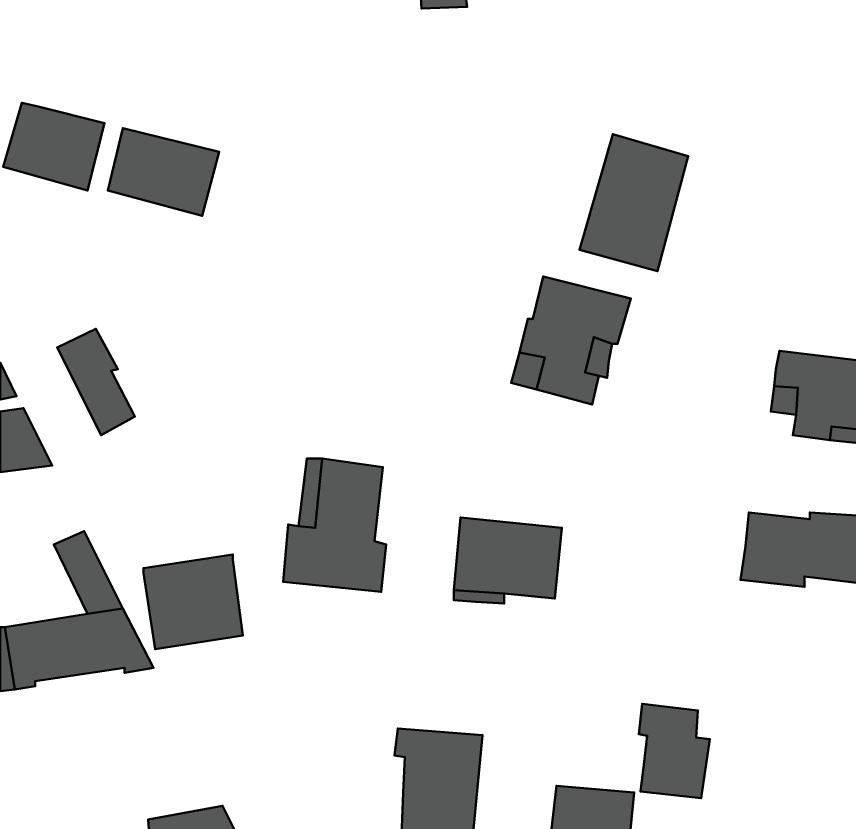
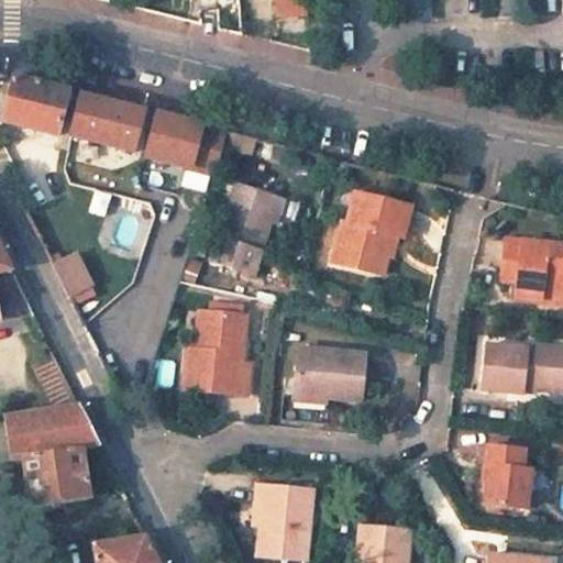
building: [579,134,688,271] -> none
building: none -> [146,113,224,173]
building: none -> [213,177,280,268]
building: [143,555,243,649] -> [23,445,88,507]
building: [639,704,710,798] -> [485,445,531,507]

